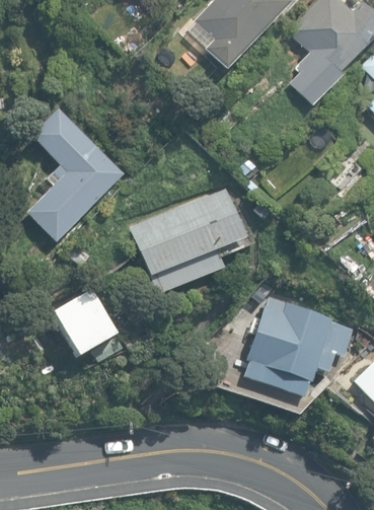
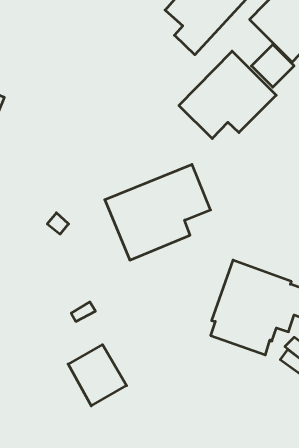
building: none -> [179,51,276,139]
building: [28,107,126,240] -> none
building: [53,289,117,356] -> [68,345,127,406]

